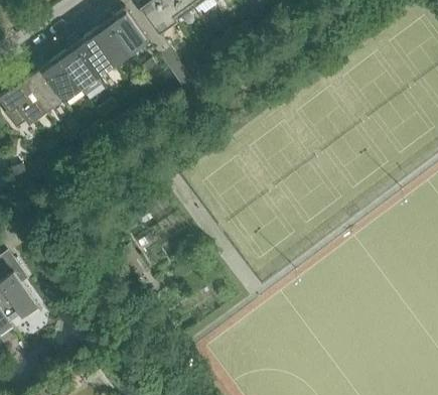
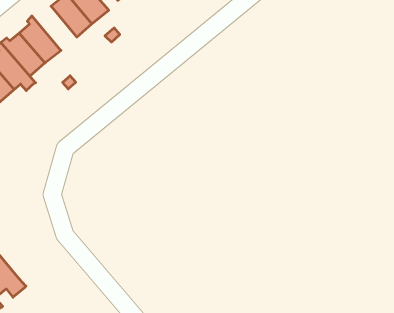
building: [70,31,114,77] -> none

